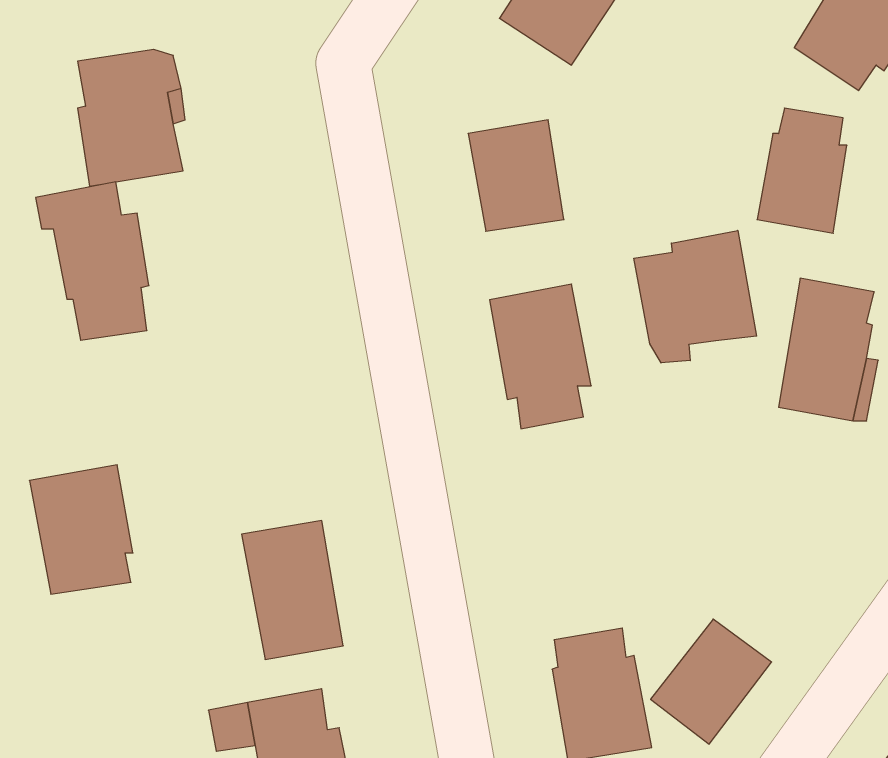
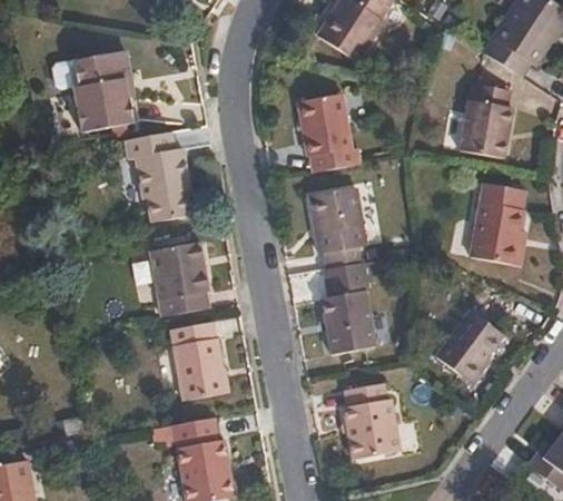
building: [36,182,149,340] -> [125,131,189,222]
building: [634,230,757,363] -> none
building: none -> [320,263,375,354]
building: [29,465,133,594] -> [149,243,208,316]
building: [651,619,772,744] -> [434,311,503,382]

